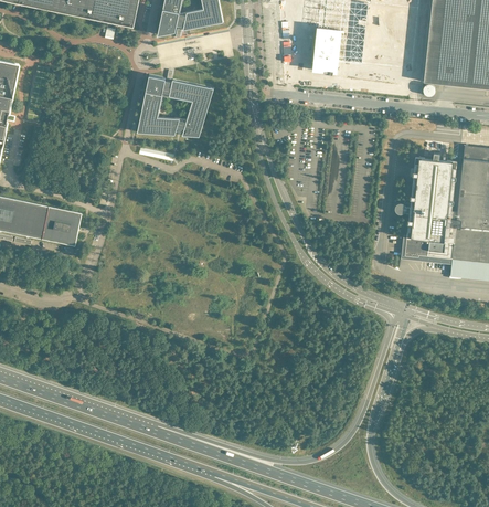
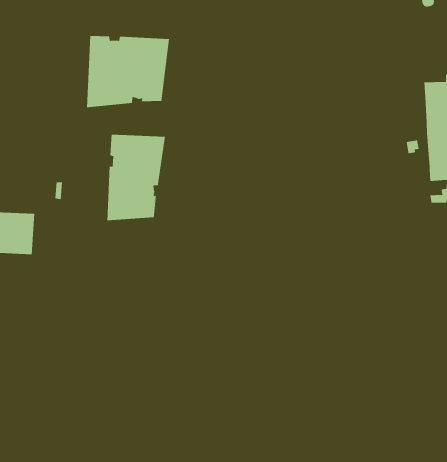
building: none -> [107,134,166,221]

